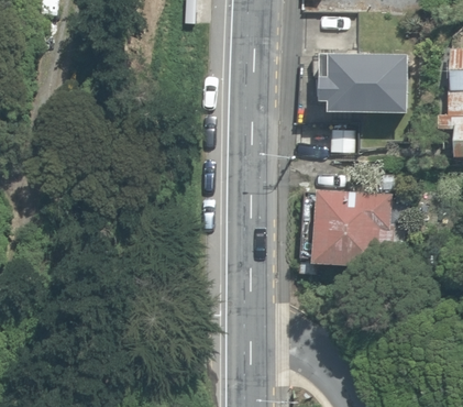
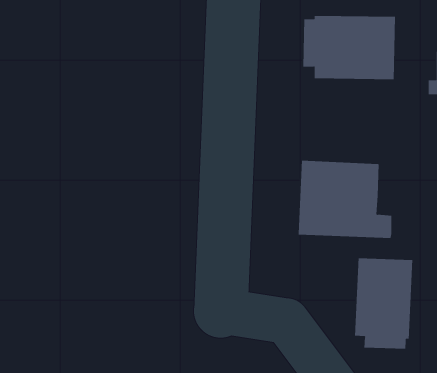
building: none -> [355,257,413,350]

